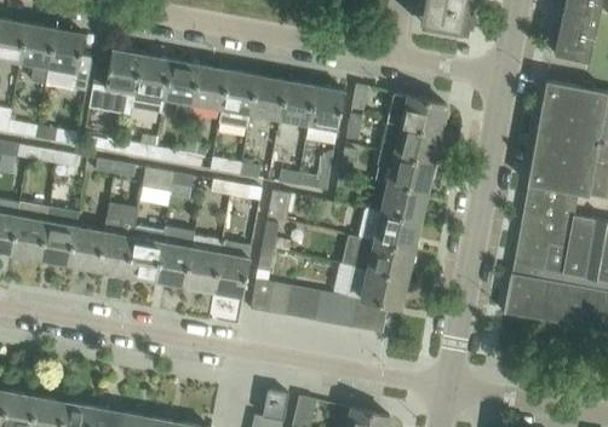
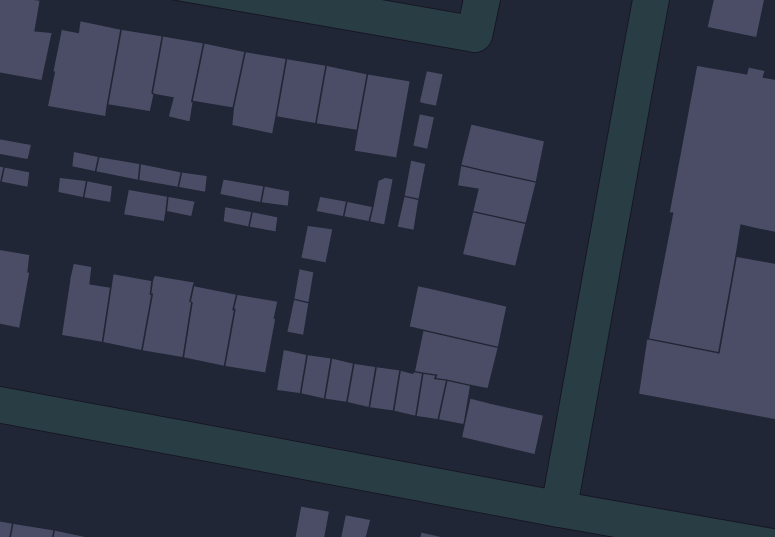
building: [388,93,447,134] -> none
building: [361,210,419,250] -> [461,398,544,455]
building: [70,226,105,271] -> none

